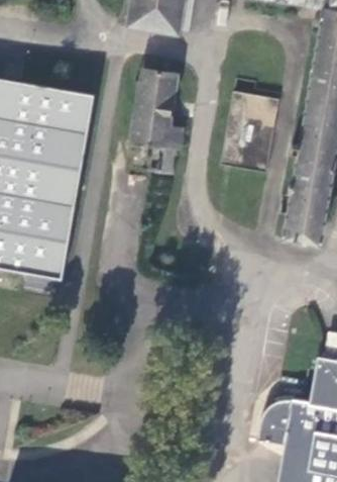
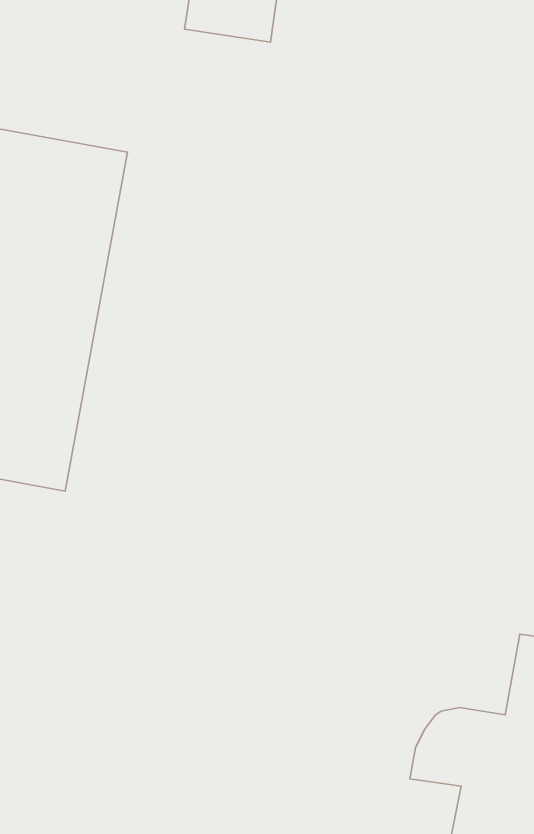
building: [133,73,180,176] -> none
building: [230,96,273,170] -> none

